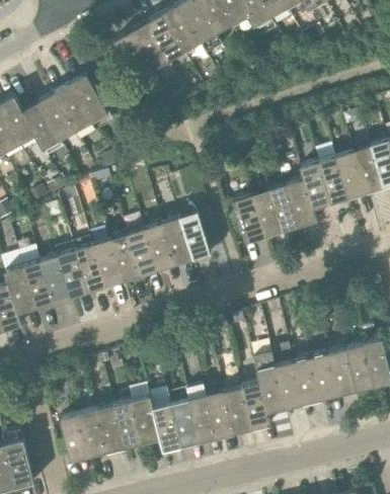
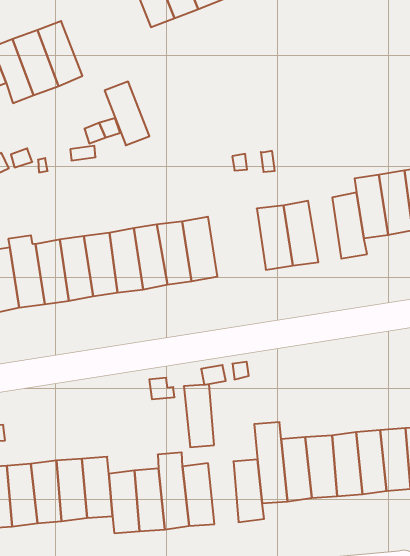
building: [69,76,106,122] -> [105,82,149,145]
building: [267,184,298,233] -> none
building: [223,387,251,434] -> [184,384,214,447]

